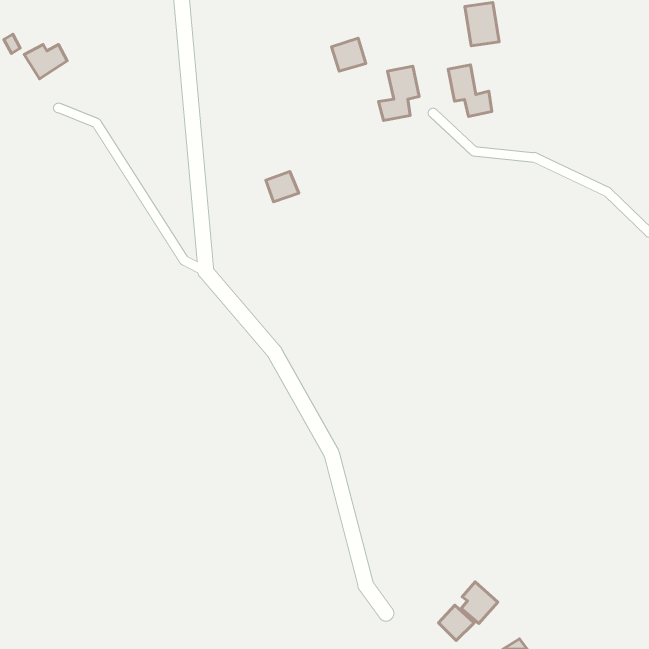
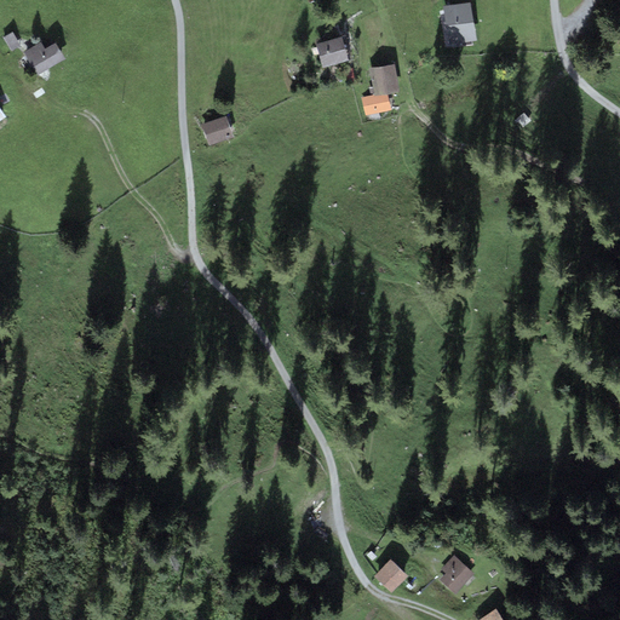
building: [448,65,492,117] -> none
building: [266,171,299,202] -> [202,116,234,145]
building: [438,605,474,641] -> [374,559,408,593]

